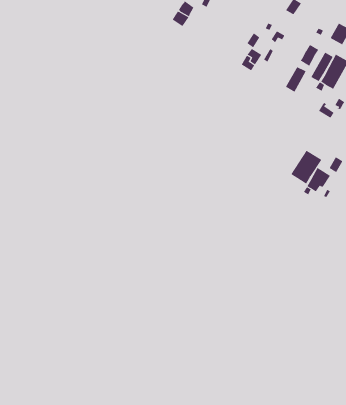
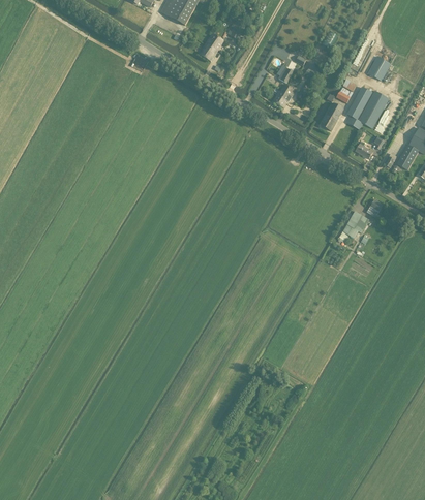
building: [291,150,322,184] -> none

